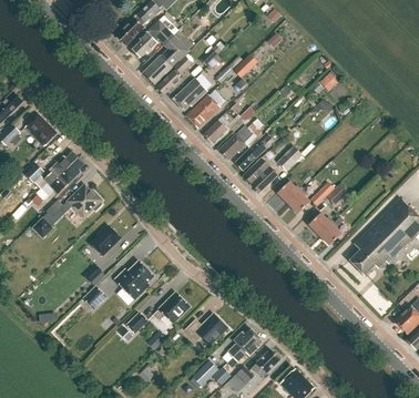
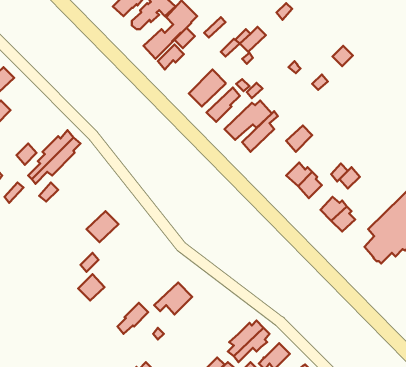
building: [173,79,207,111] -> none
building: [25,114,58,146] -> none
building: [244,159,277,192] -> none
building: [68,184,102,217] -> none
building: [115,261,154,299] -> none
building: [185,314,227,345] -> none

